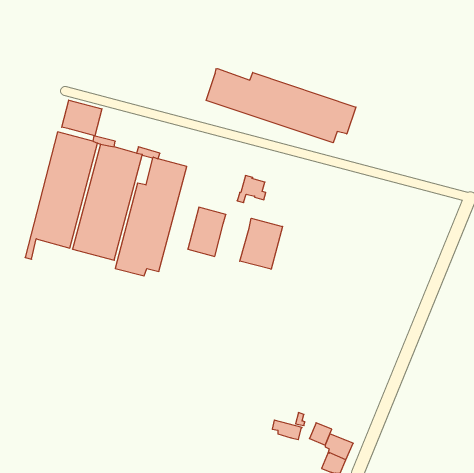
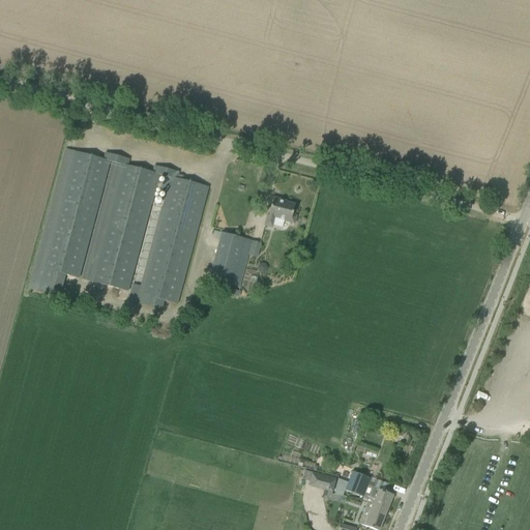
building: [206,69,356,143] -> none
building: [62,100,102,136] -> none
building: [240,218,283,269] -> none

